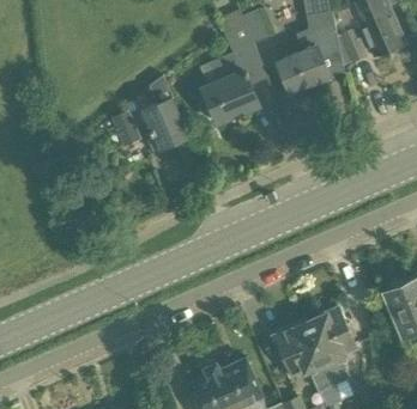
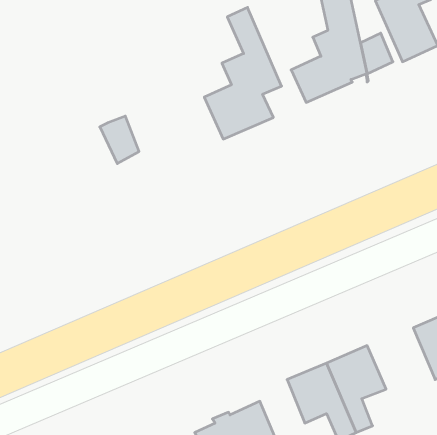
building: [137,75,188,157] -> none

